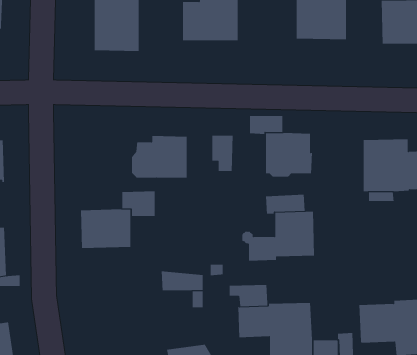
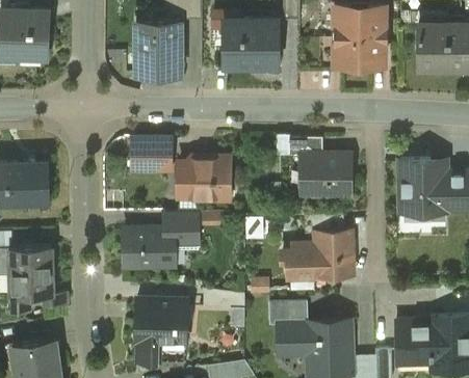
building: none -> [132,137,171,172]
building: [212,135,233,172] -> none
building: none -> [137,300,187,362]

